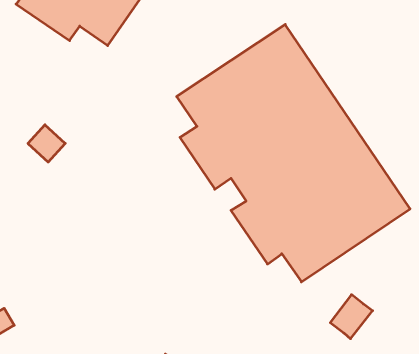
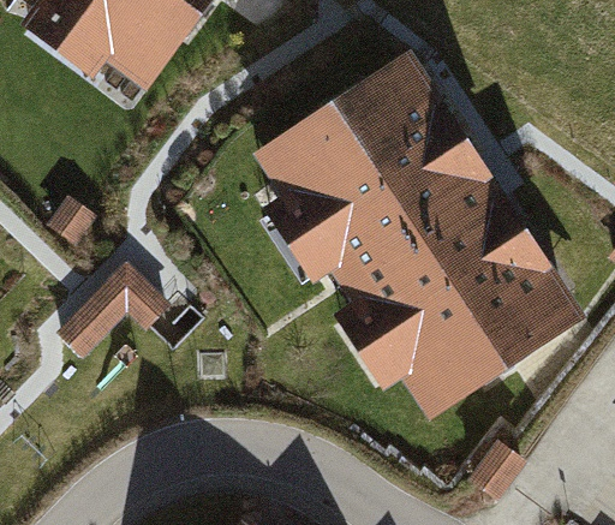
building: none -> [61,257,177,352]

